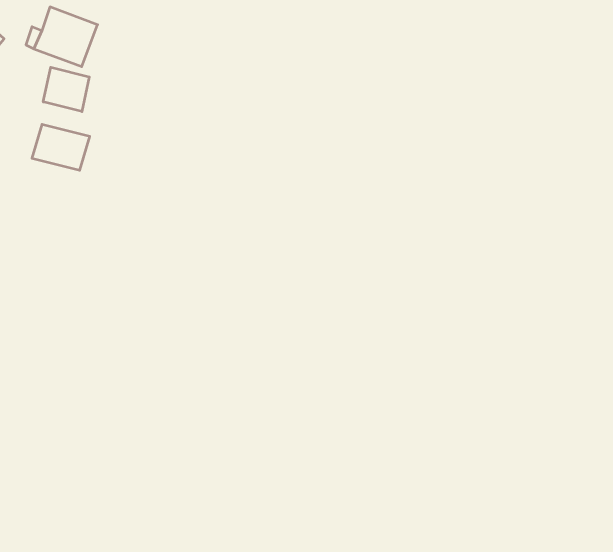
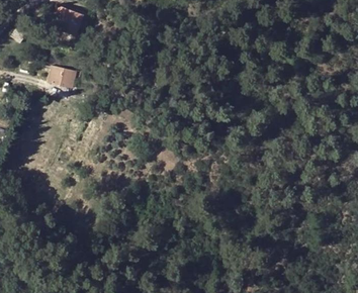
building: [43,67,89,112] -> none

